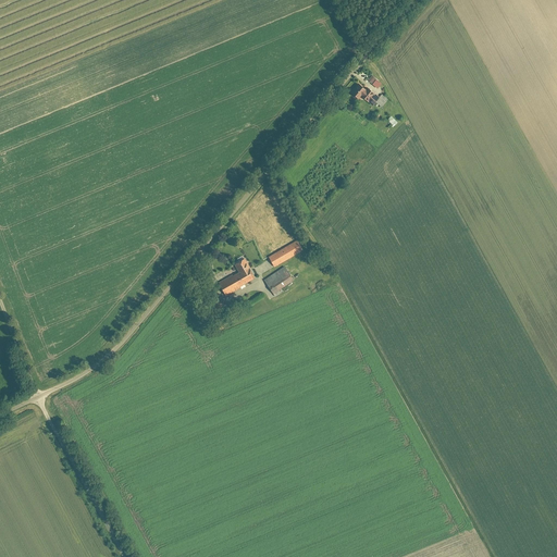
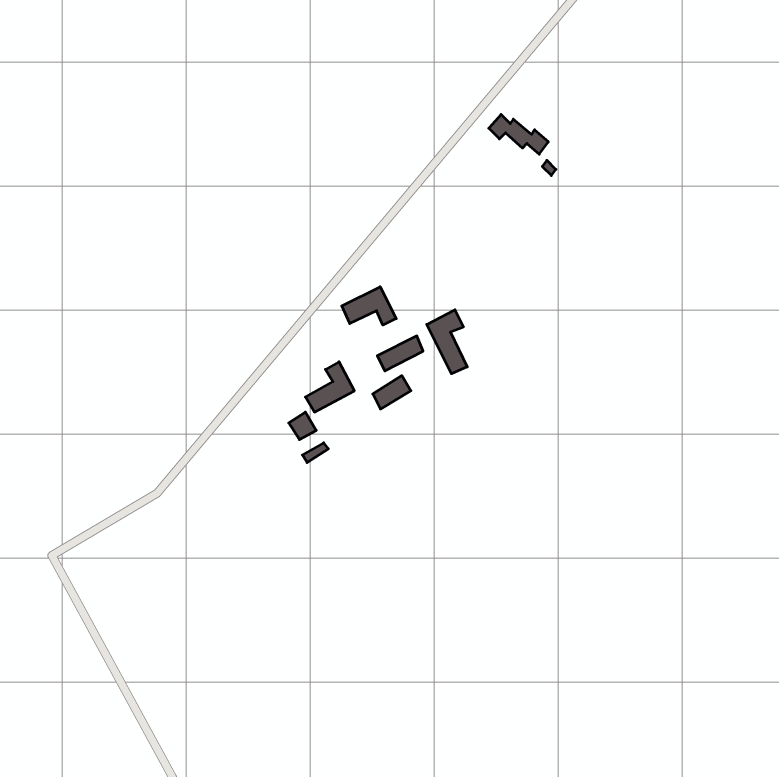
building: none -> [342,287,396,325]
building: none -> [427,310,467,374]

